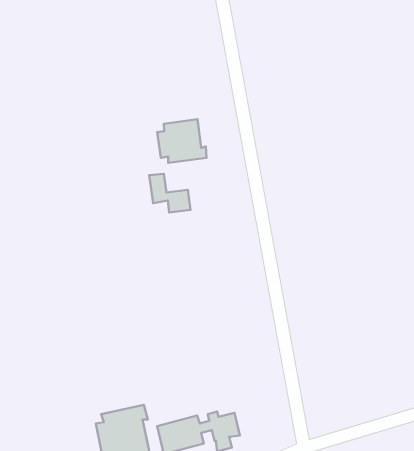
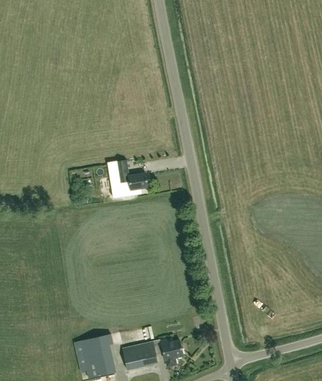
building: [157,119,207,163] -> none

